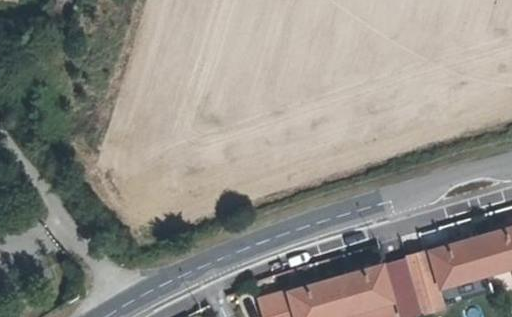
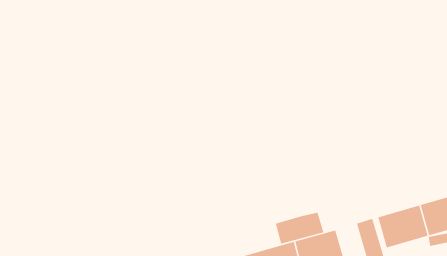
building: none -> [275,212,324,245]

